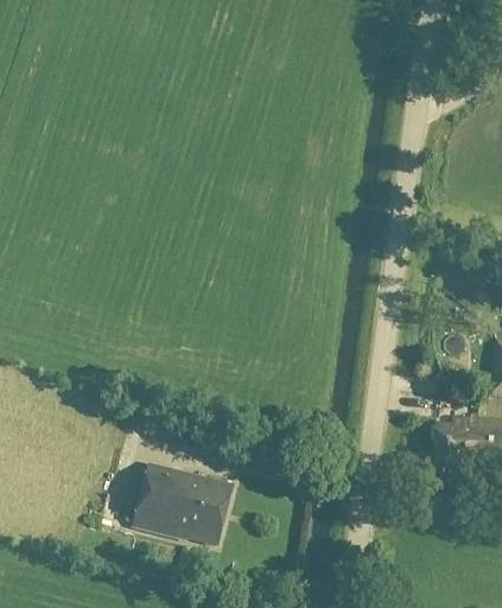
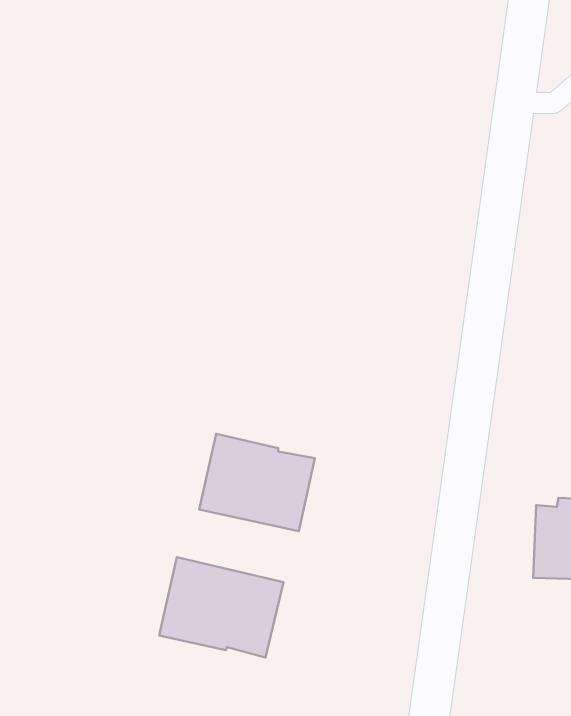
building: none -> [199,434,315,531]

